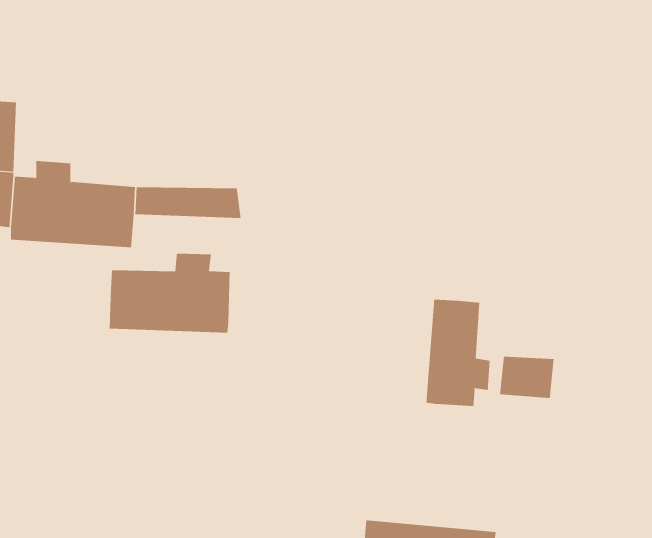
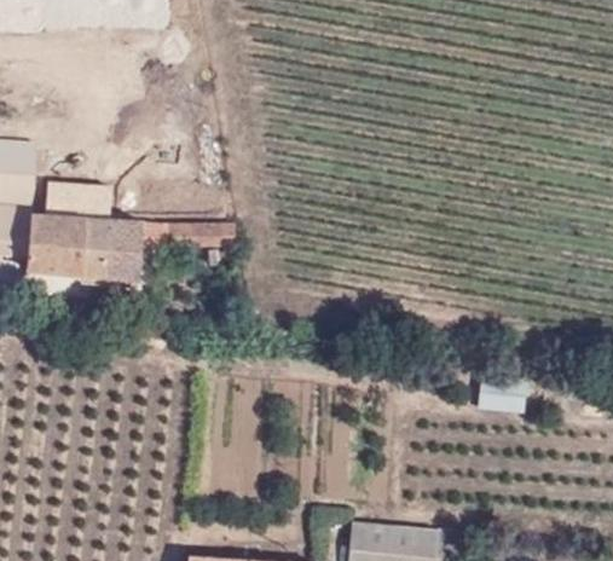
building: [109,253,230,333] -> none
building: [426,299,490,407] -> none

